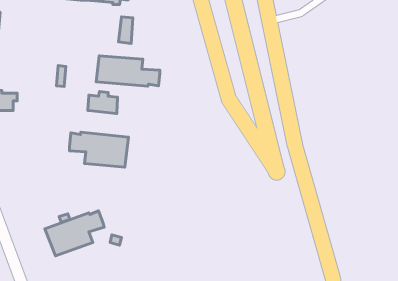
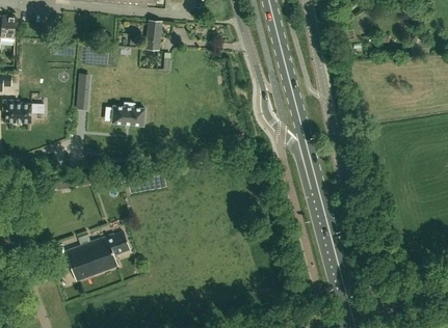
building: [96,56,160,86] -> none
building: [69,132,129,167] -> none

